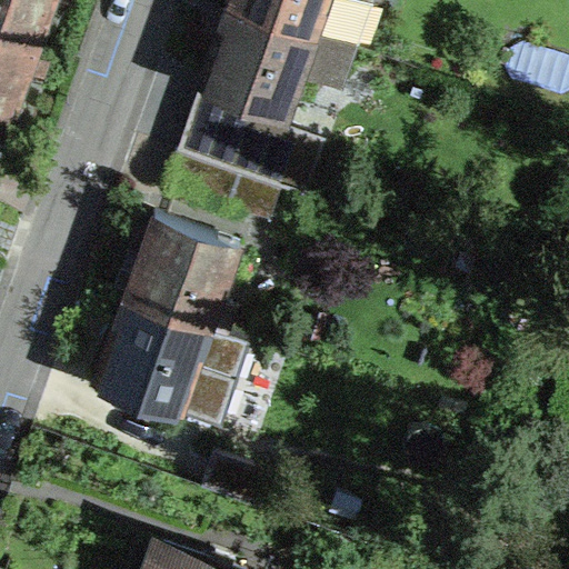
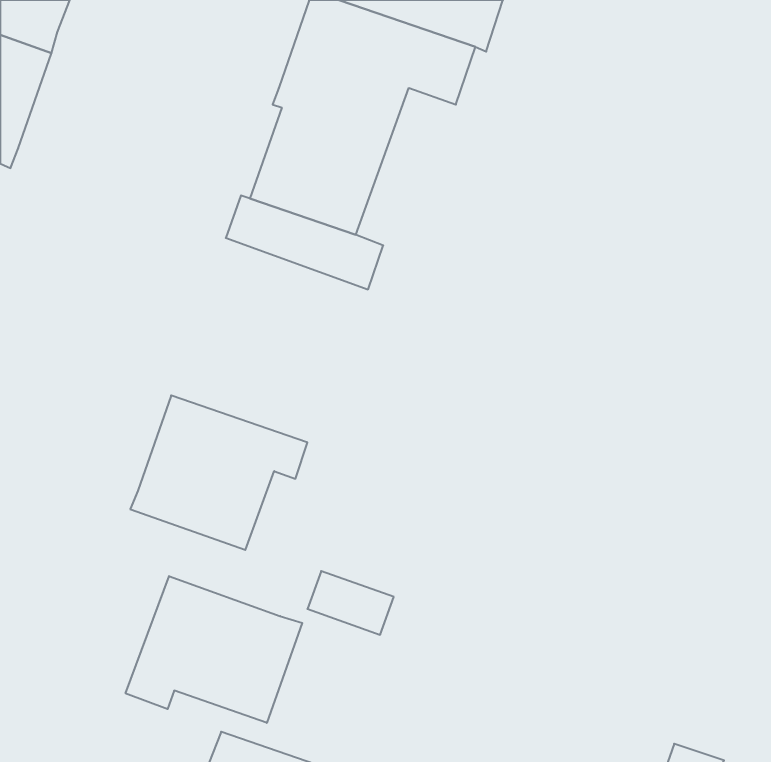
building: [128,214,241,333] -> none
building: none -> [126,576,302,723]

